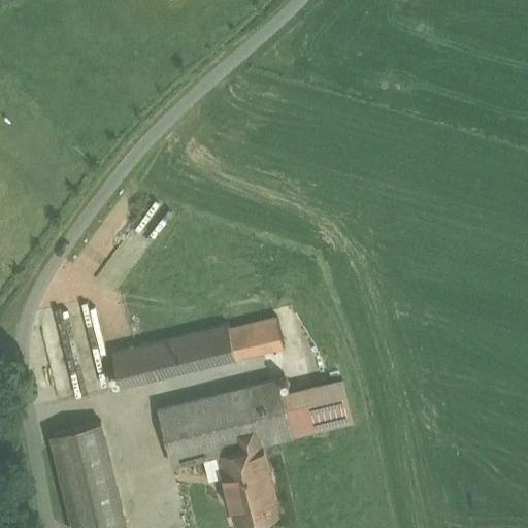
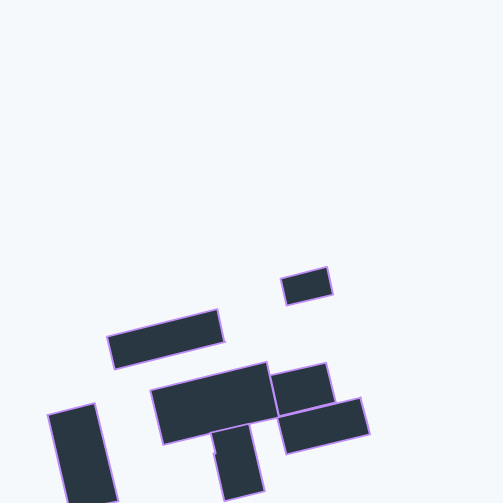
building: [228,318,283,358] -> [281,267,333,305]
building: none -> [277,397,370,455]

